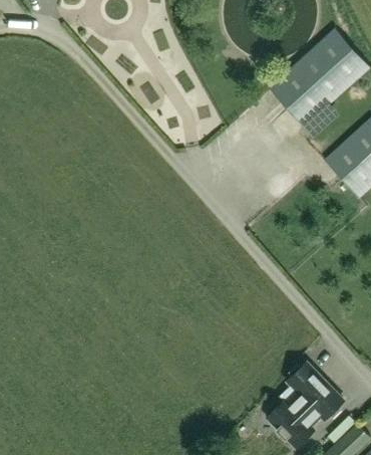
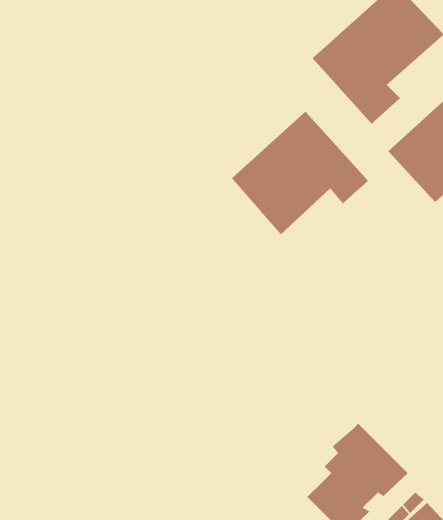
building: none -> [231,111,369,235]

